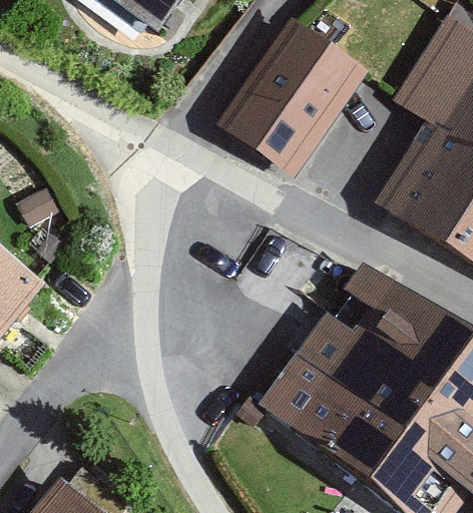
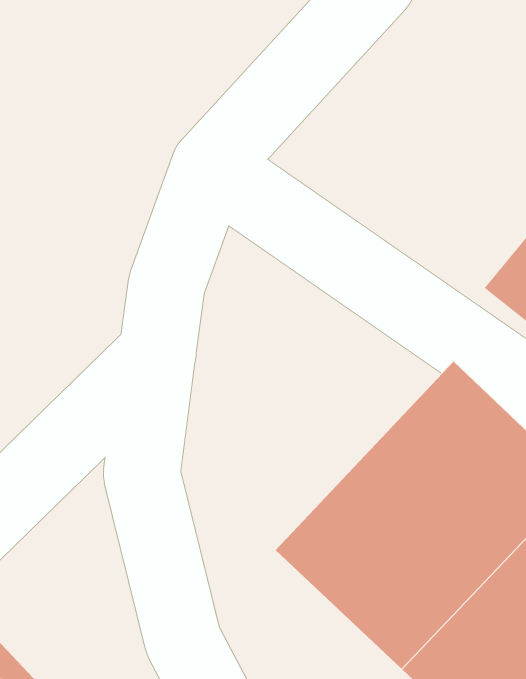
building: [227,28,358,172] -> none

